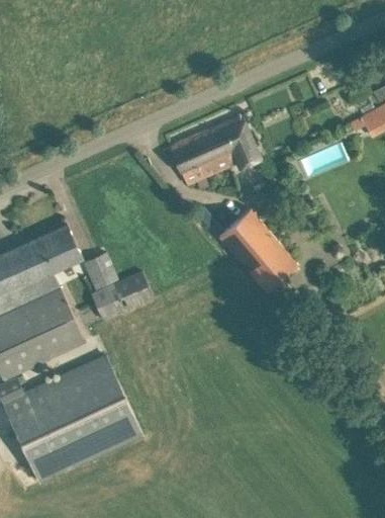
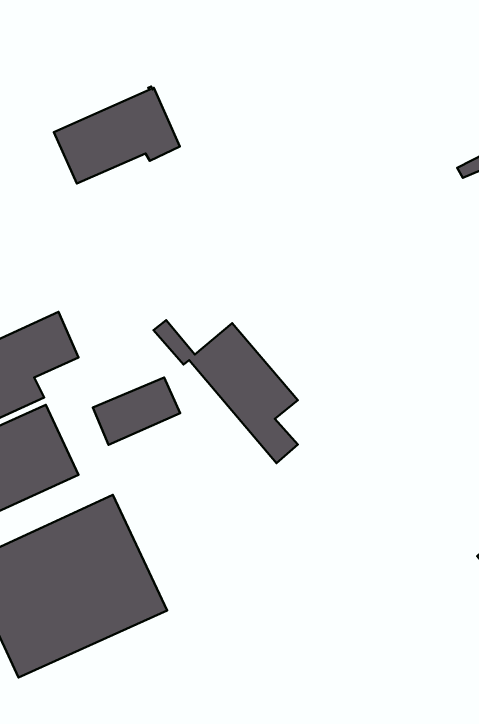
building: [170,114,259,183] -> [54,87,180,184]
building: [194,206,296,308] -> [153,320,298,463]
building: [83,253,116,288] -> none

